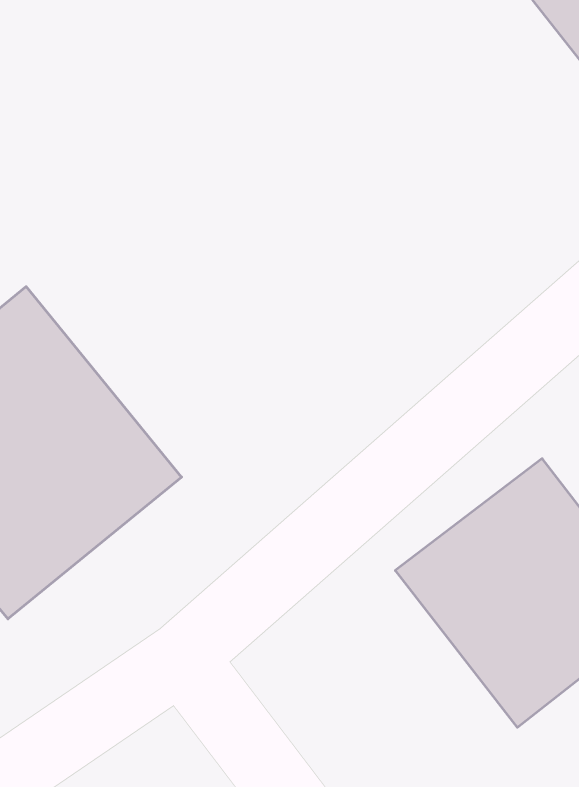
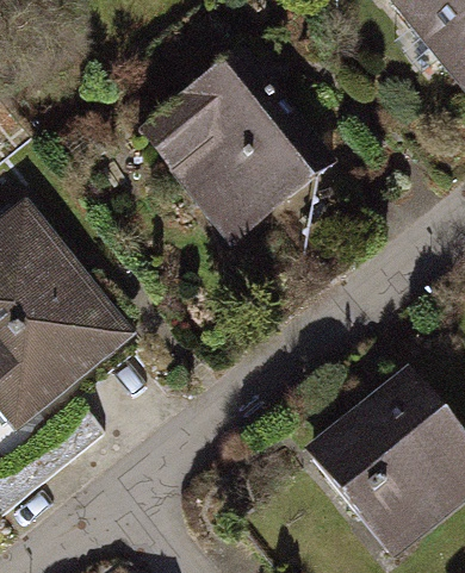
building: none -> [145,89,328,279]

